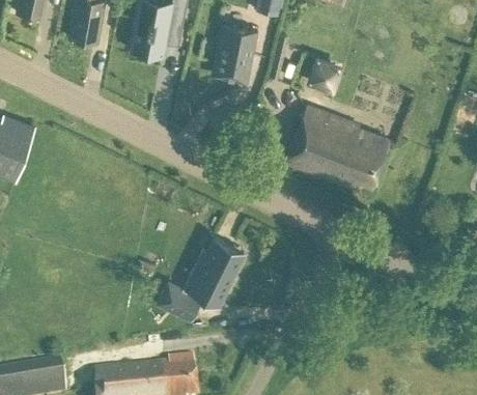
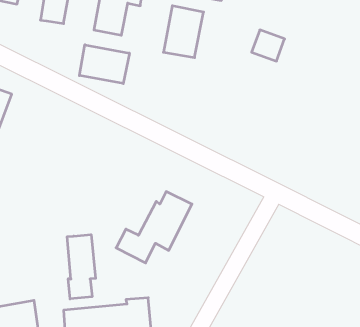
building: none -> [79,45,129,84]
building: [284,104,386,190] -> none
building: none -> [67,235,96,299]

